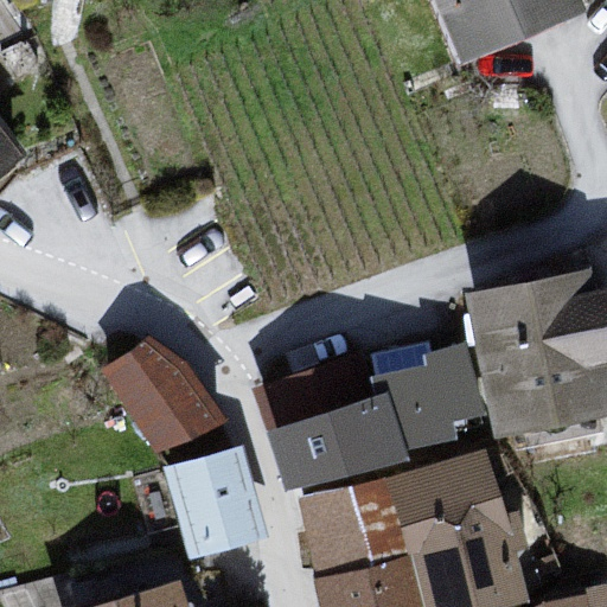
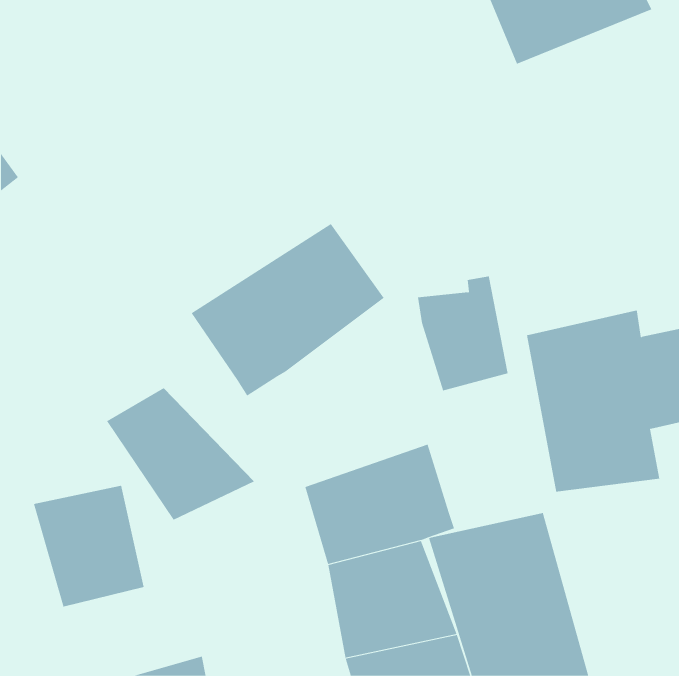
building: none -> [191,223,384,396]
building: [381,351,461,453] -> [417,276,508,391]
building: [166,452,264,560] -> [33,485,145,607]

